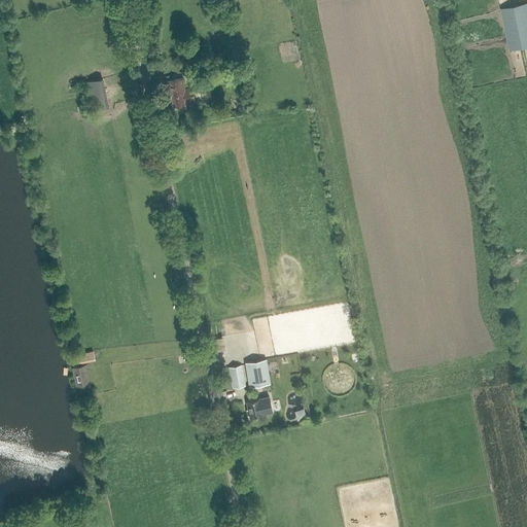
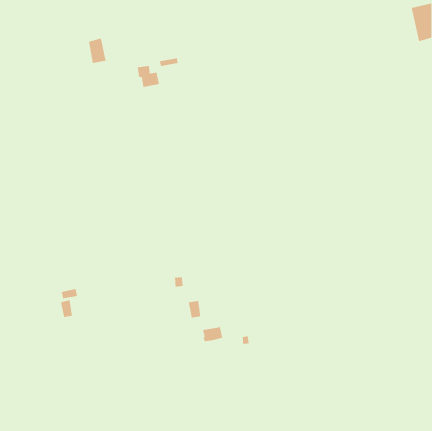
building: [85,79,108,111] -> [88,38,107,64]
building: [245,360,270,388] -> none

